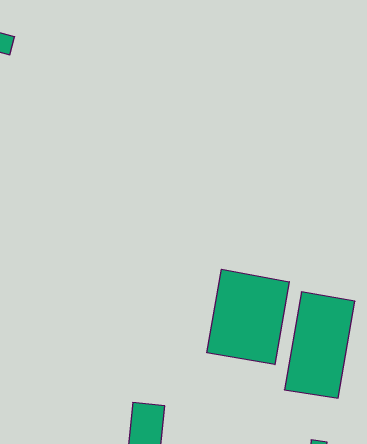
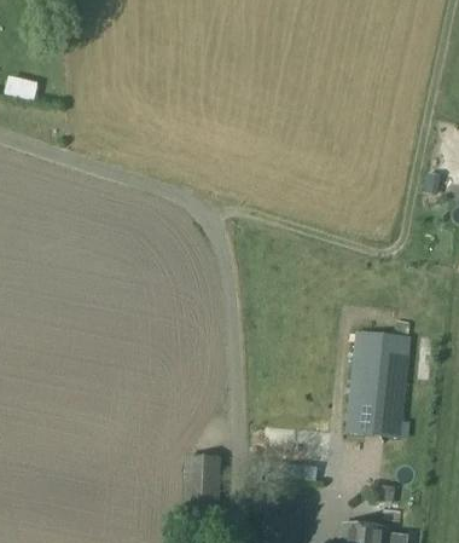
building: [207,269,289,365] -> none

